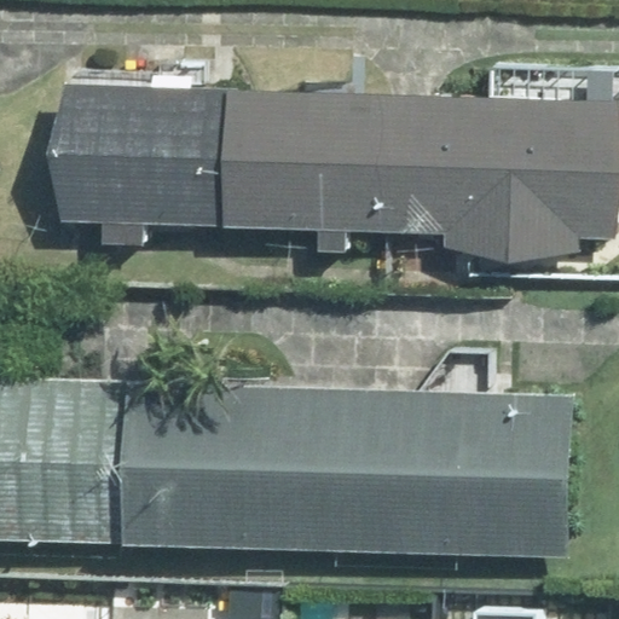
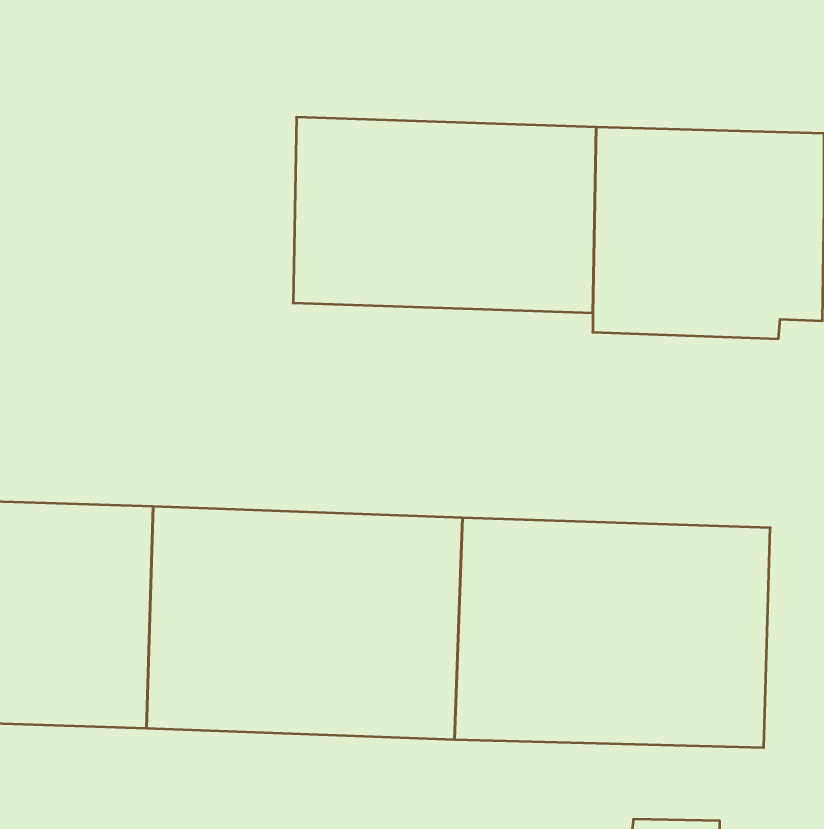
building: [58,85,220,227] -> none

